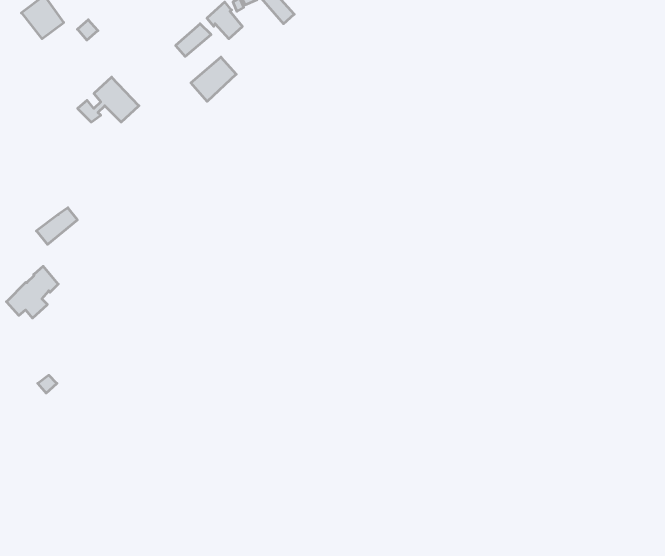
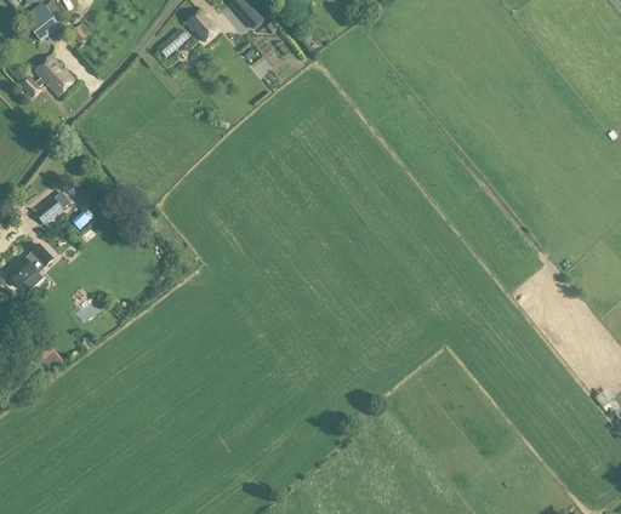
building: [191,57,236,101] -> none
building: [78,77,139,122] -> [19,56,74,96]

